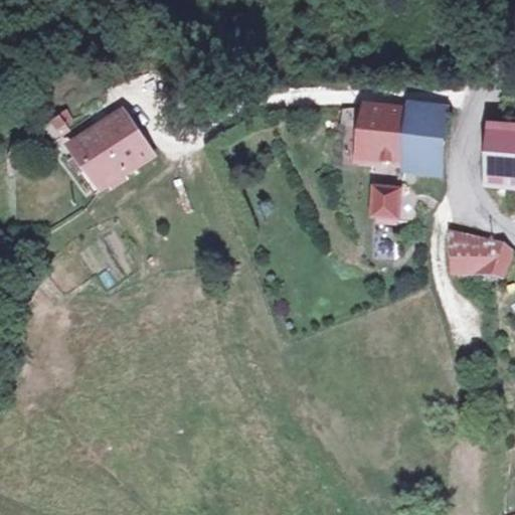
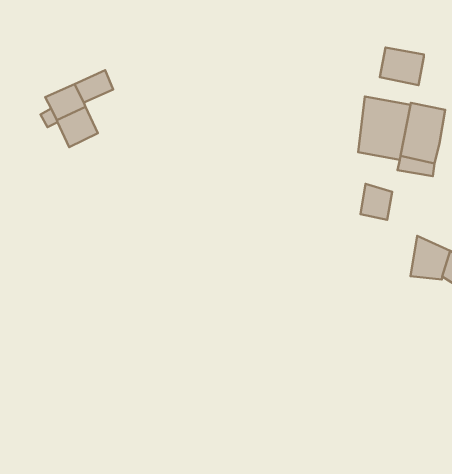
building: none -> [380,47,424,85]
building: [104,129,147,172] -> none

